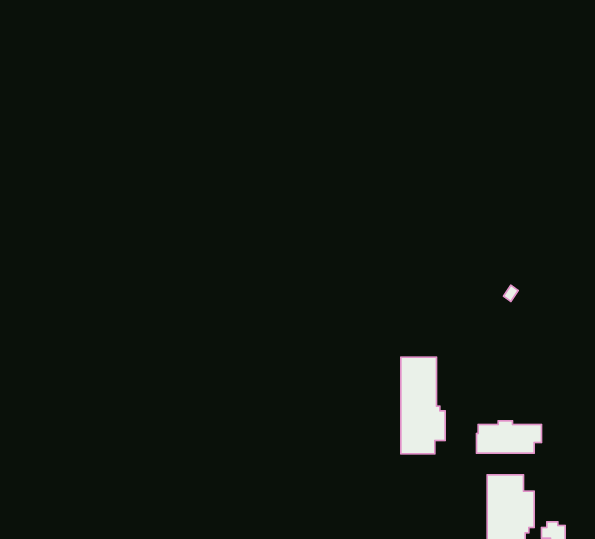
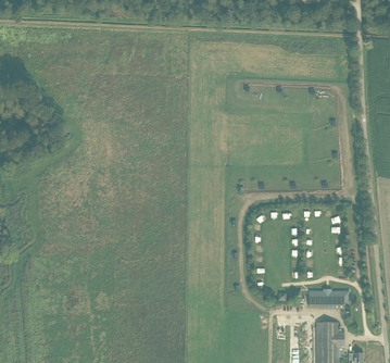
building: [401,357,445,454] -> none

